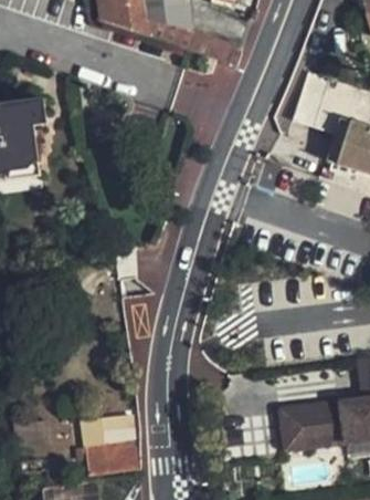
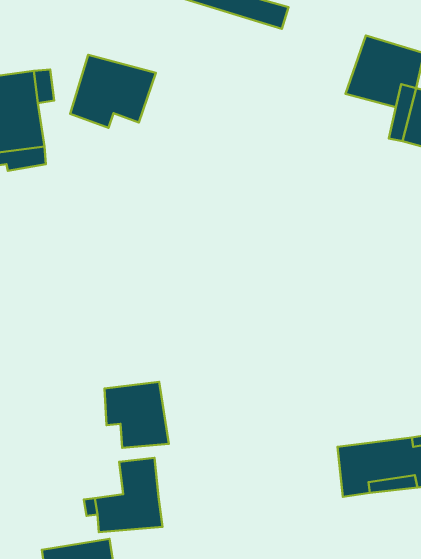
building: none -> [70,55,156,128]
building: none -> [105,382,169,448]

